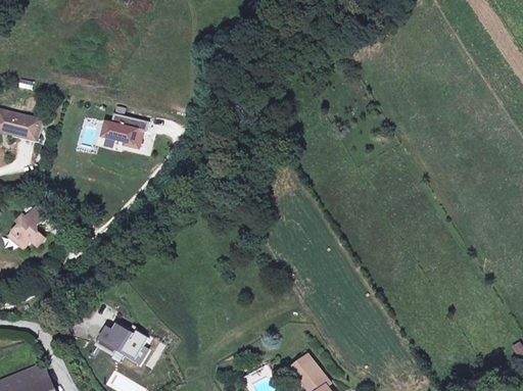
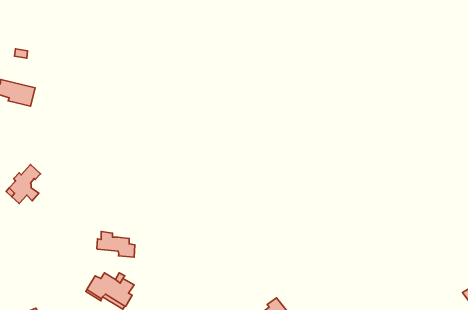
building: [101,112,148,147] -> none
building: none -> [97,232,135,257]

